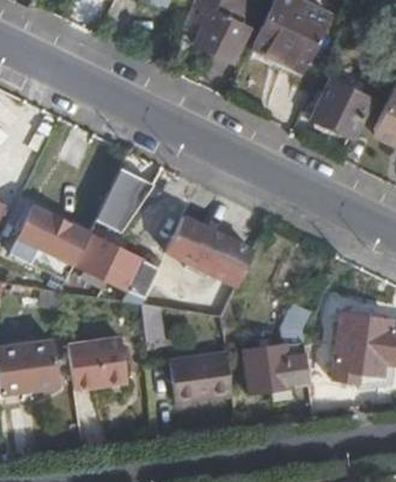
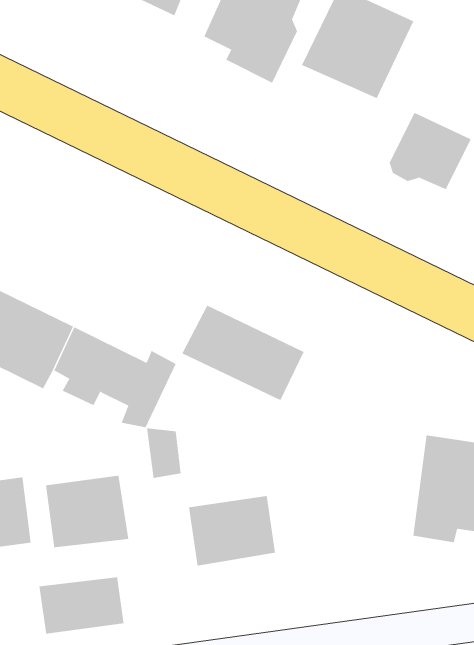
building: [96,169,153,230] -> none
building: [244,307,309,391] -> none
building: none -> [39,577,124,634]

